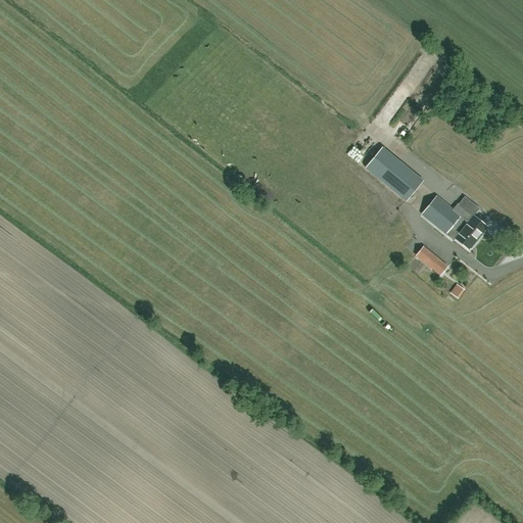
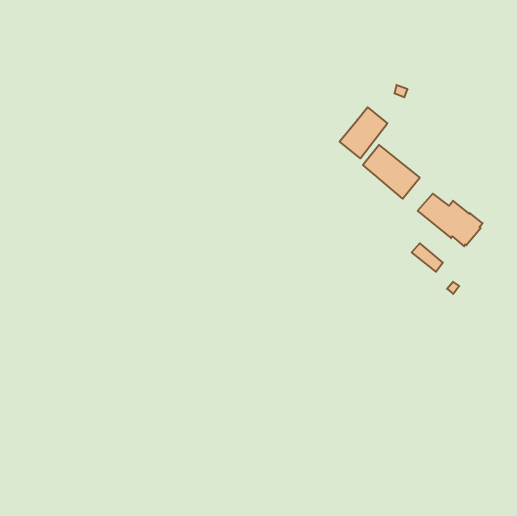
building: none -> [340,107,387,158]

